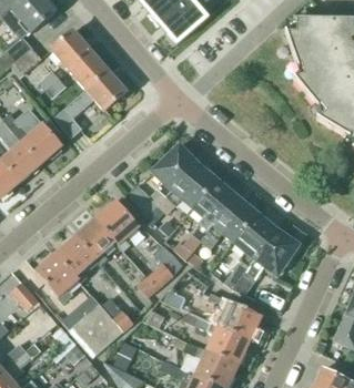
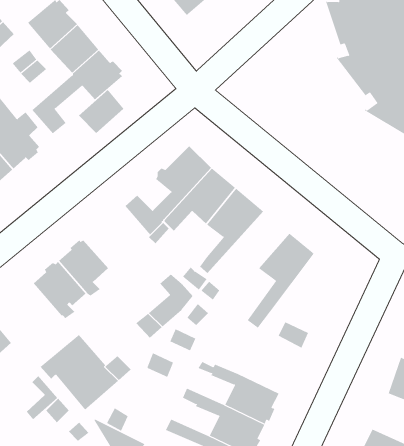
building: none -> [78,89,124,134]
building: [193,197,257,255] -> none
building: [95,201,139,251] -> none
building: [233,231,299,294] -> none
building: [36,254,78,303] -> none
building: [206,293,262,340] -> none

